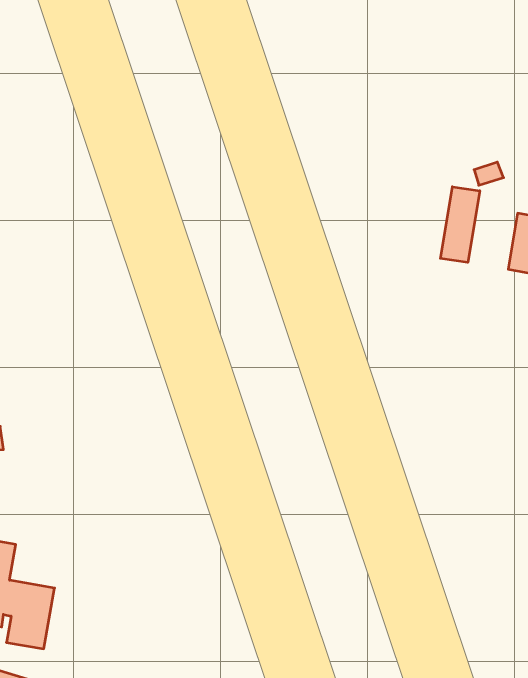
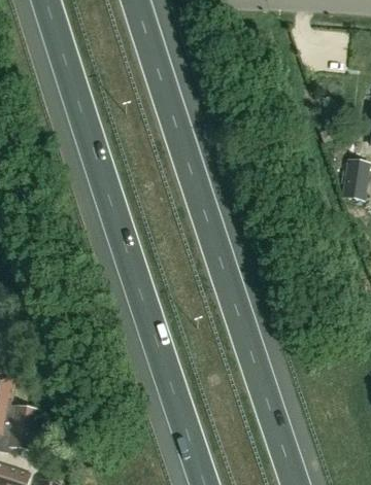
building: [440,187,480,262] -> none

